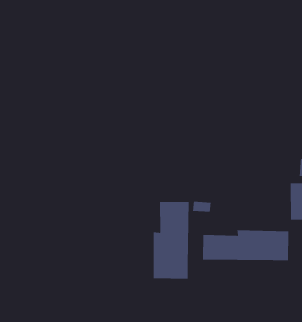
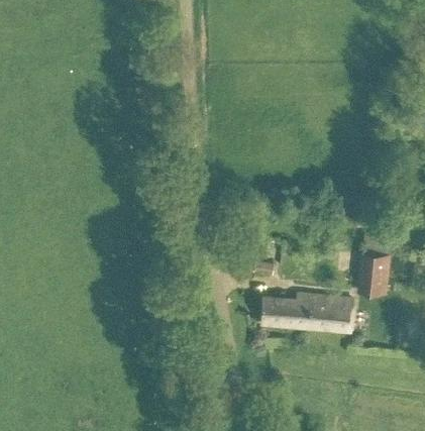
building: [153,201,190,280] -> none

